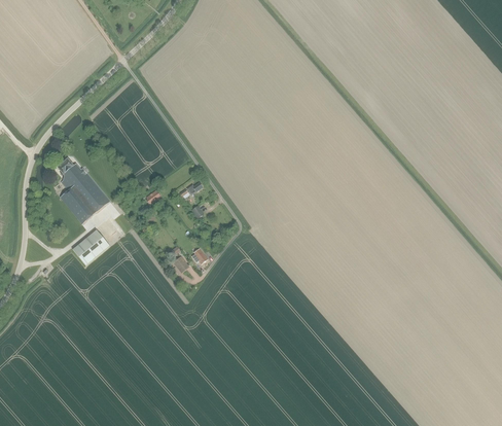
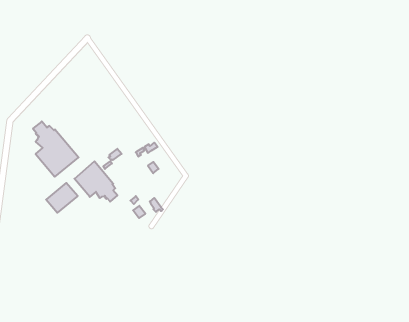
building: none -> [74,161,117,202]

